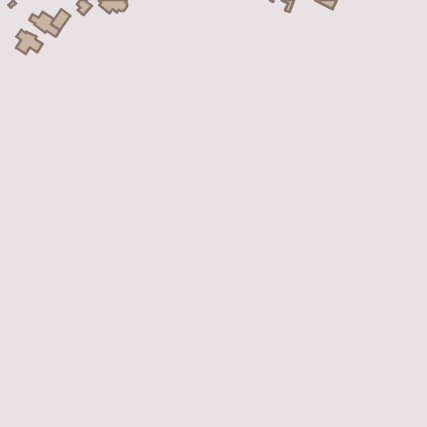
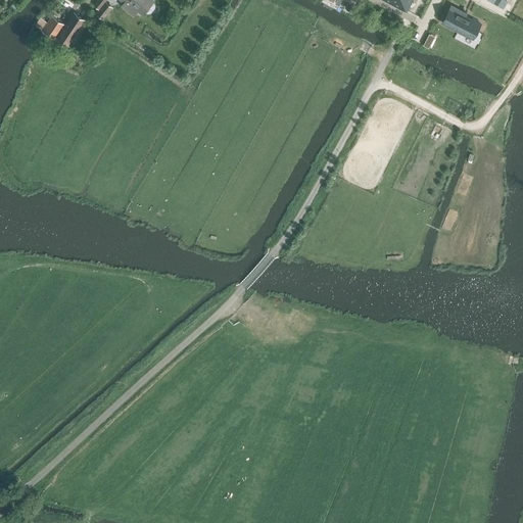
building: none -> [444,5,481,35]
building: [16,30,43,54] -> none

